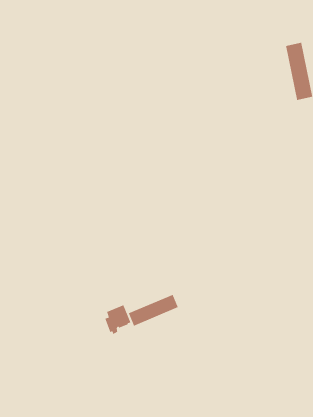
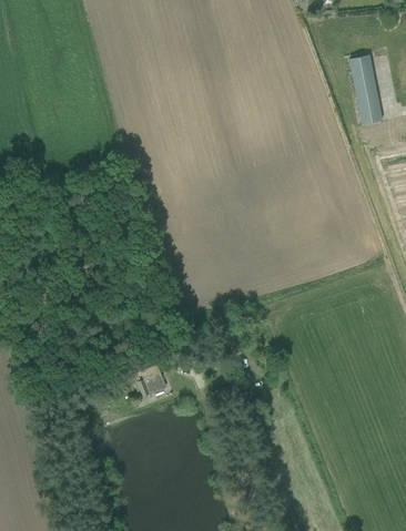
building: [128,294,179,327] -> none

